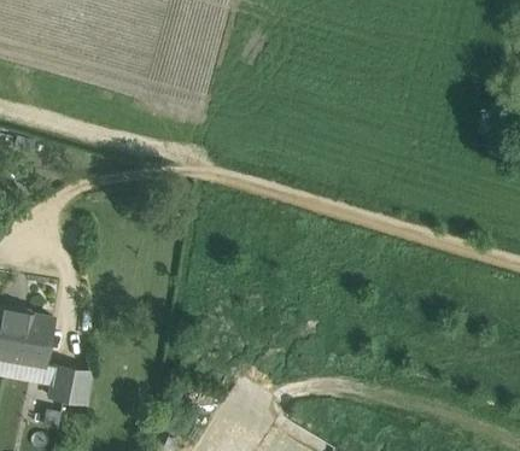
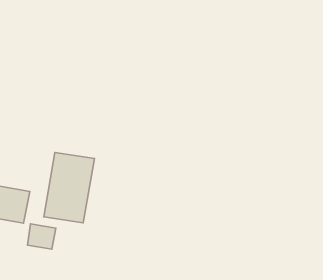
building: none -> [44,153,95,223]

